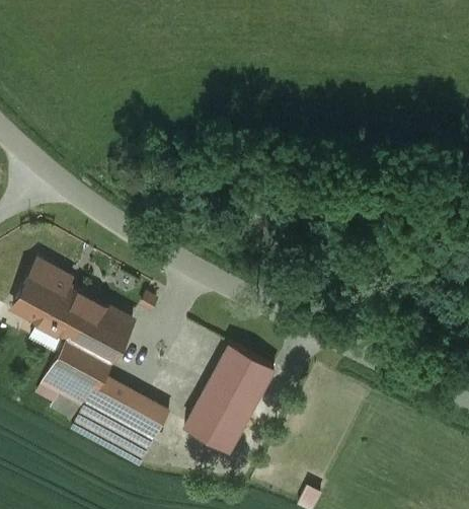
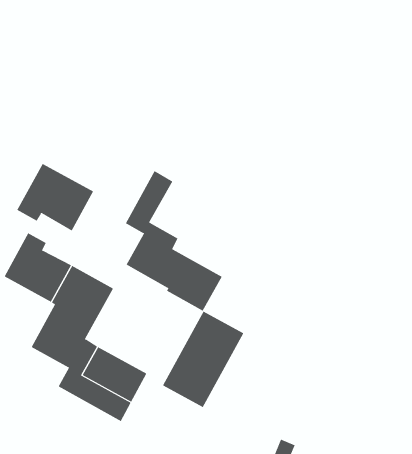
building: none -> [17,163,94,231]
building: none -> [125,170,222,311]

